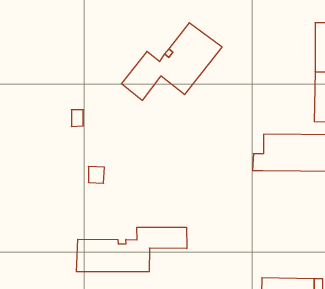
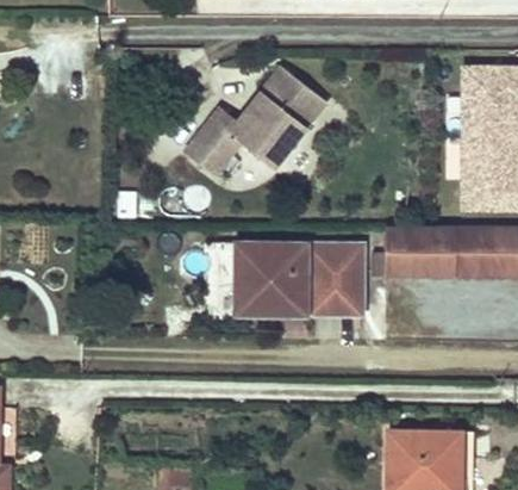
building: none -> [220,243,366,315]
building: [76,227,187,272] -> none

